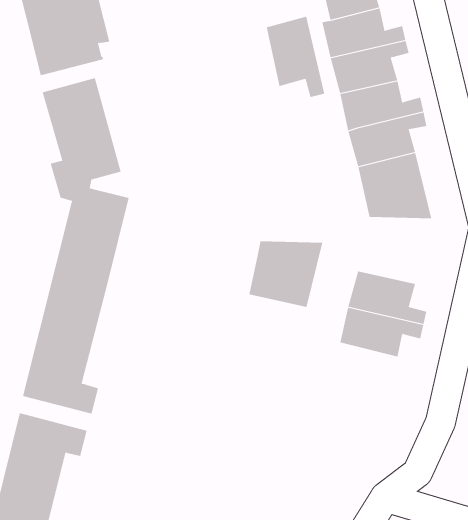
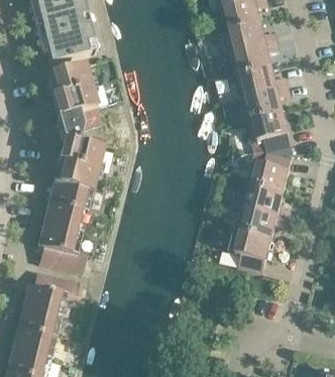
building: [266,16,325,98] -> none
building: [248,241,323,308] -> [246,151,293,193]
building: none -> [229,229,271,273]

